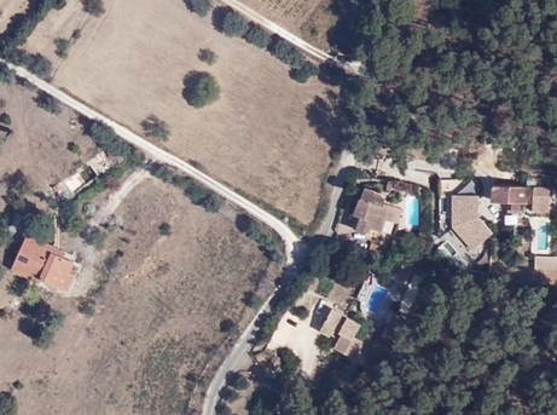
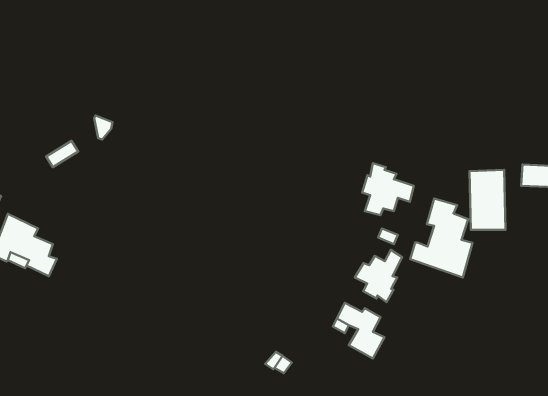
building: none -> [410,198,472,278]
building: none -> [355,250,402,302]

